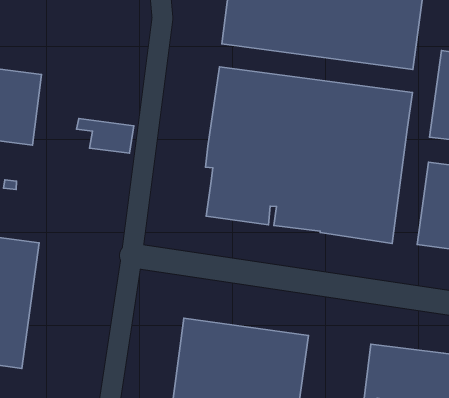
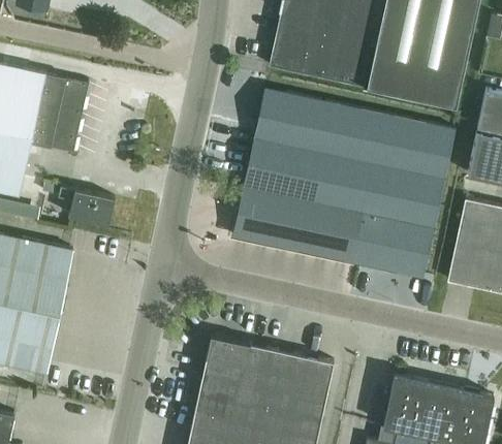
building: [77,119,134,153] -> [58,188,115,226]

